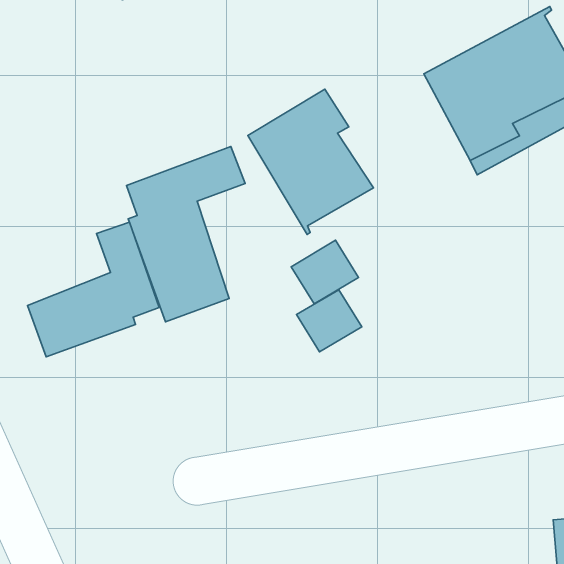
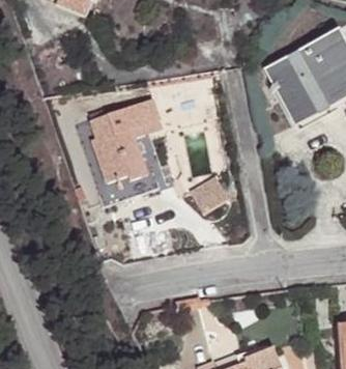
building: [248,89,374,234] -> none
building: [27,222,159,357] -> none

